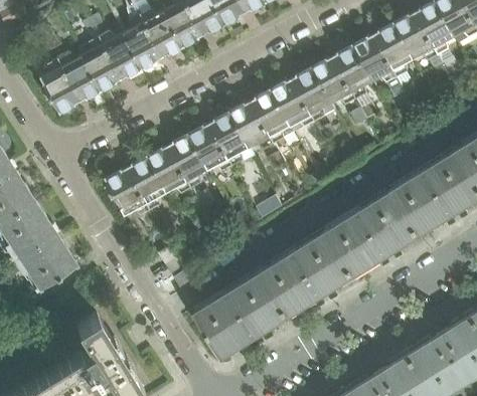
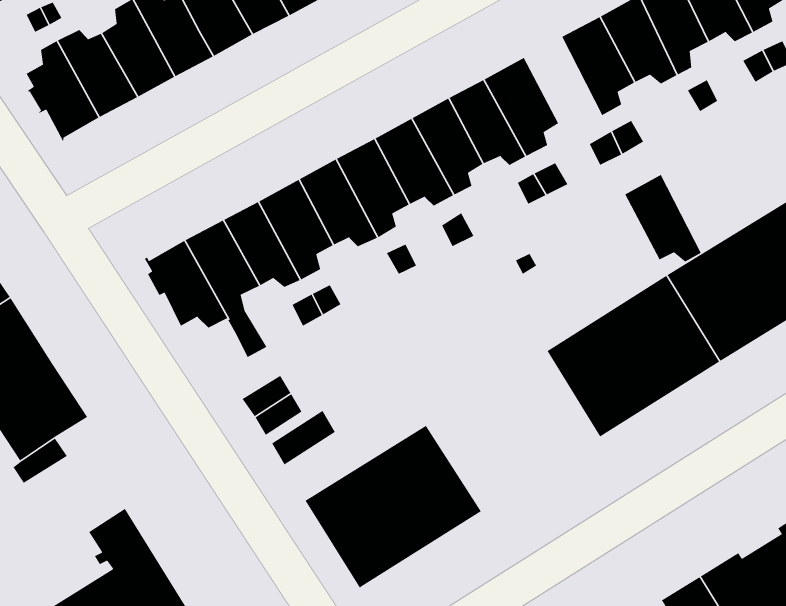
building: [314,57,356,106] -> [624,174,702,263]
building: [261,228,355,316] -> none

